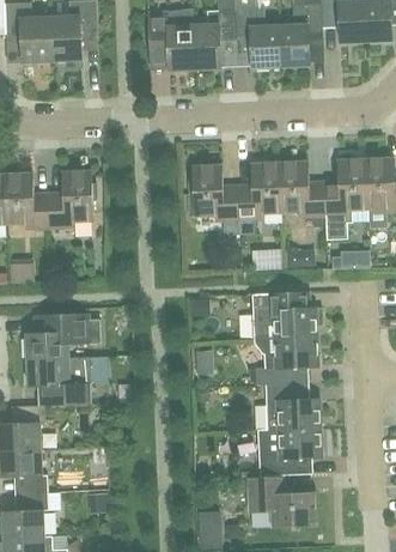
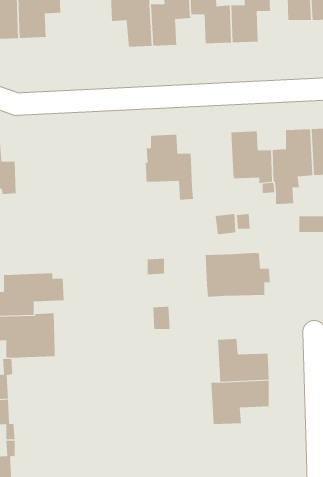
building: [237,162,281,220] -> none
building: [48,170,97,228] -> none
building: [254,336,317,384] -> none
building: [249,477,315,526] -> none

